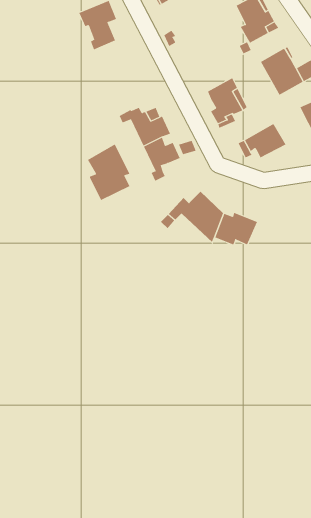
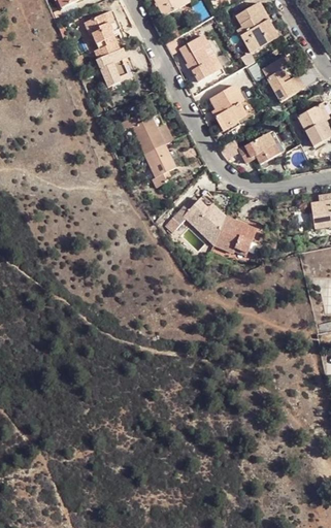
building: none -> [179,34,221,84]
building: none -> [96,48,136,88]
building: [87,144,130,201] -> none

